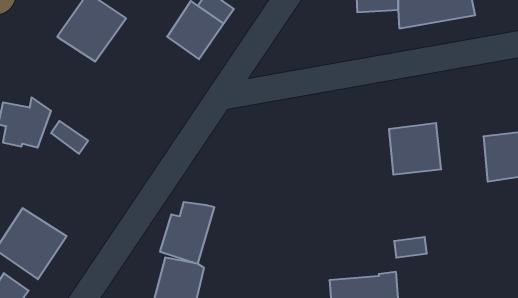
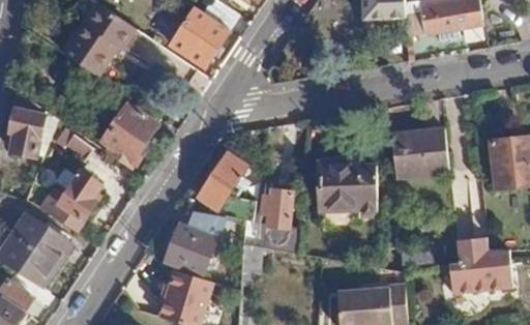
building: none -> [99,102,153,167]
building: none -> [197,150,253,221]
building: none -> [317,159,374,217]
building: none -> [43,172,100,231]
building: none -> [257,186,297,253]
building: none -> [449,238,512,293]

